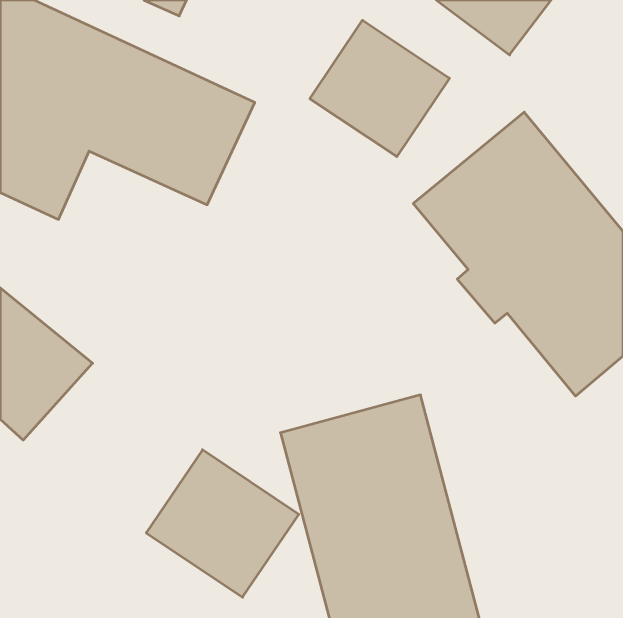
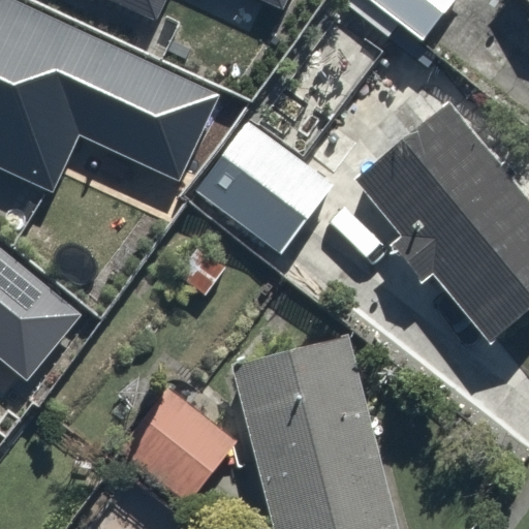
building: [310,20,449,157] -> none
building: none -> [206,129,328,252]

